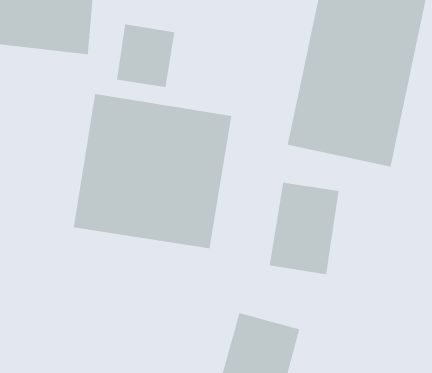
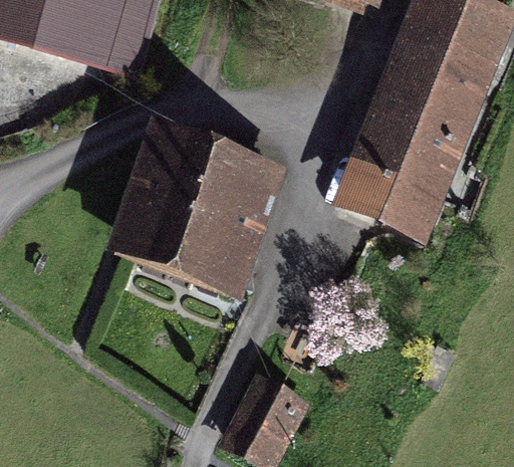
building: [116,24,175,88] -> none
building: [269,182,340,275] -> none

